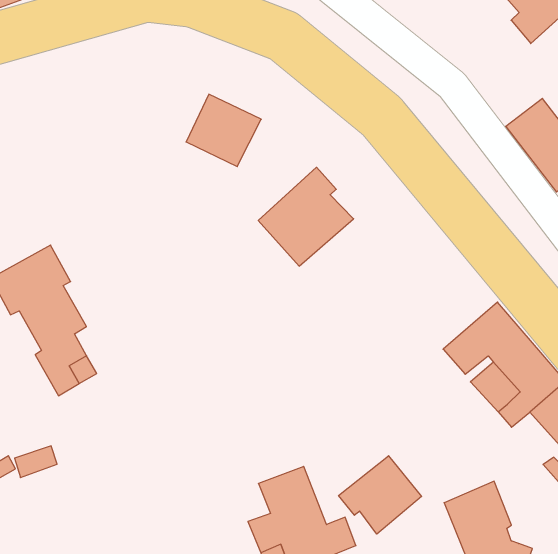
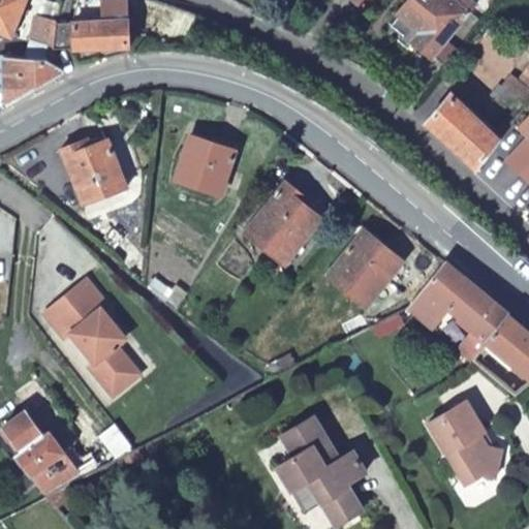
building: none -> [62,137,127,205]
building: none -> [328,234,400,308]
building: [339,456,422,534] -> none

